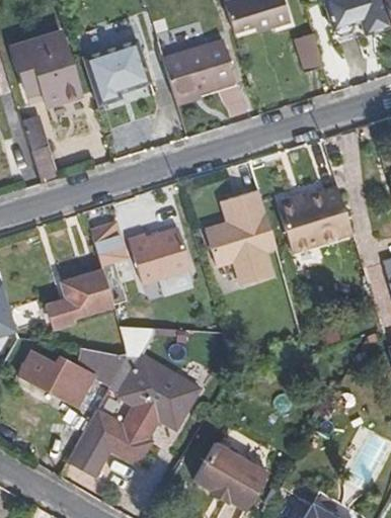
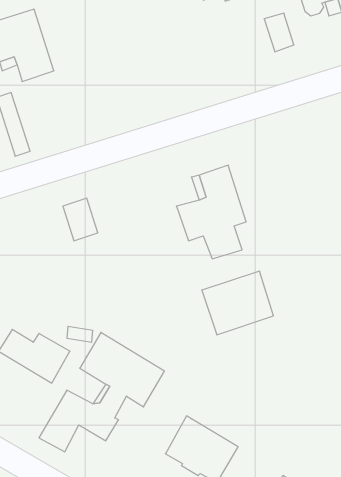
building: [83,35,149,101] -> none
building: [163,35,237,97] -> none
building: [278,185,350,250] -> [202,271,273,335]
building: [129,226,190,281] -> none
building: [50,275,115,327] -> none

